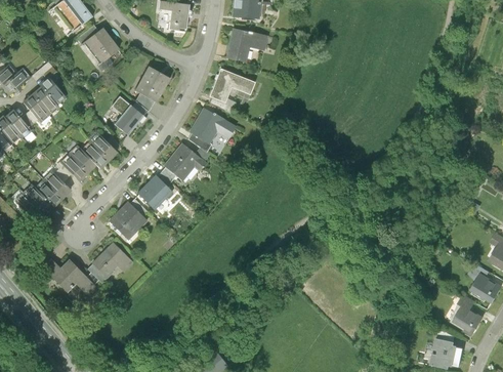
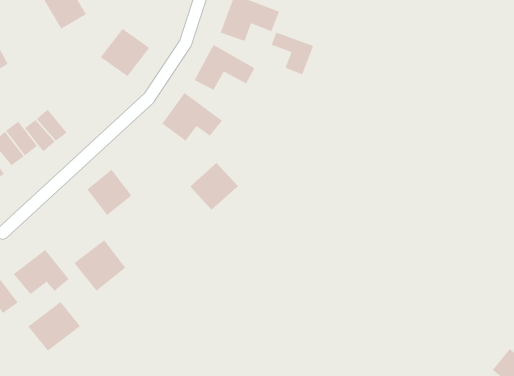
building: none -> [271,32,314,75]
building: [114,98,145,130] -> none
building: [163,141,201,179] -> [190,162,239,211]
building: [107,199,148,240] -> [73,239,126,291]
building: none -> [27,301,81,351]

